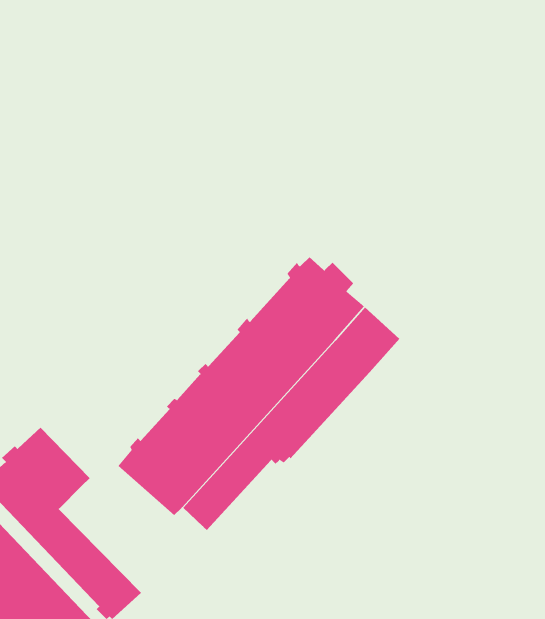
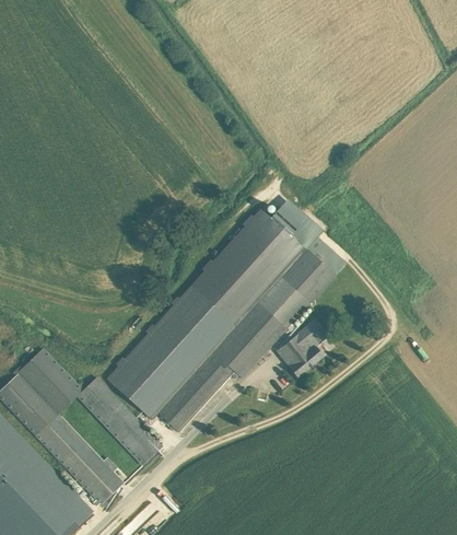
building: none -> [279,321,324,377]
building: none -> [77,377,161,465]

